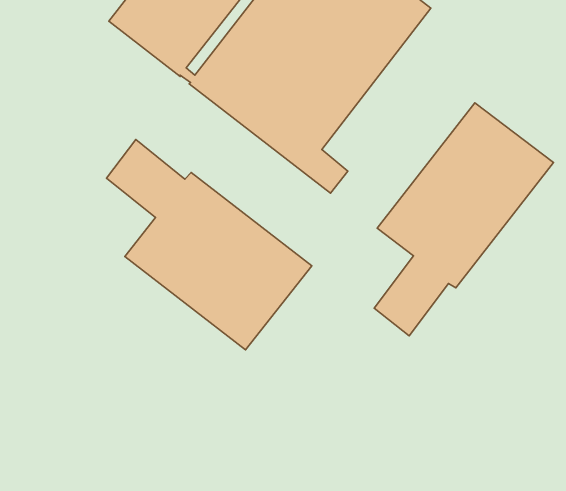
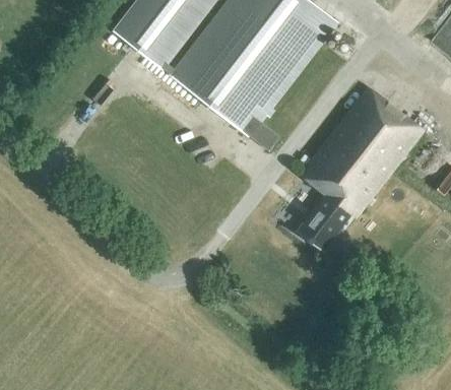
building: [107,140,312,350] -> none

